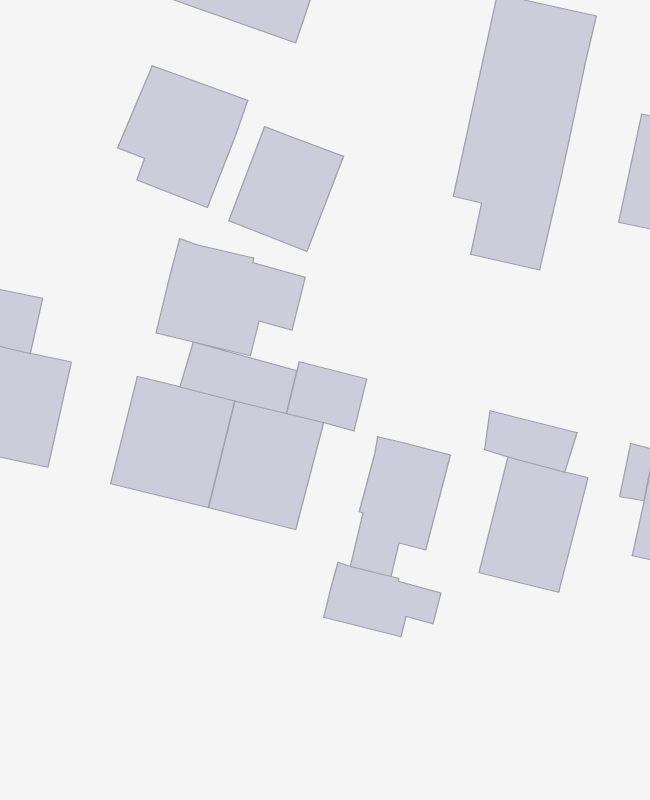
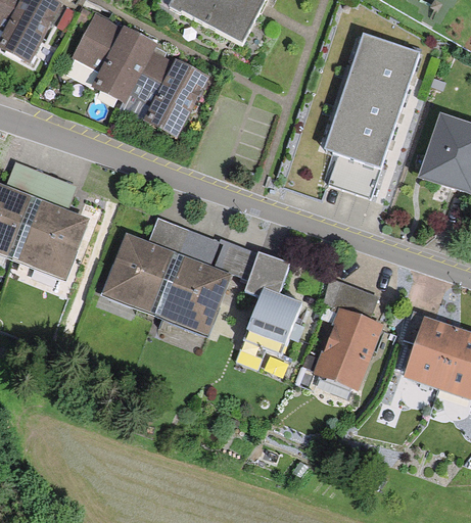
building: none -> [74,14,157,102]
building: [229,127,344,251] -> none
building: [156,239,305,356] -> none
building: none -> [243,251,288,296]
building: [324,562,441,637] -> none

